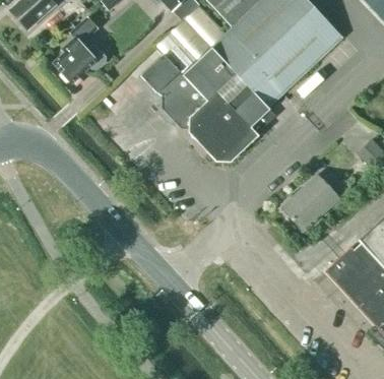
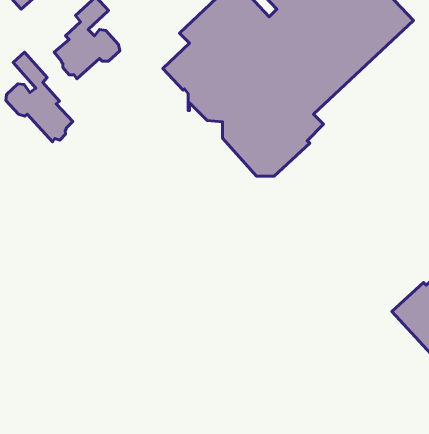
building: none -> [6,52,73,142]
building: [281,174,339,231] -> none

